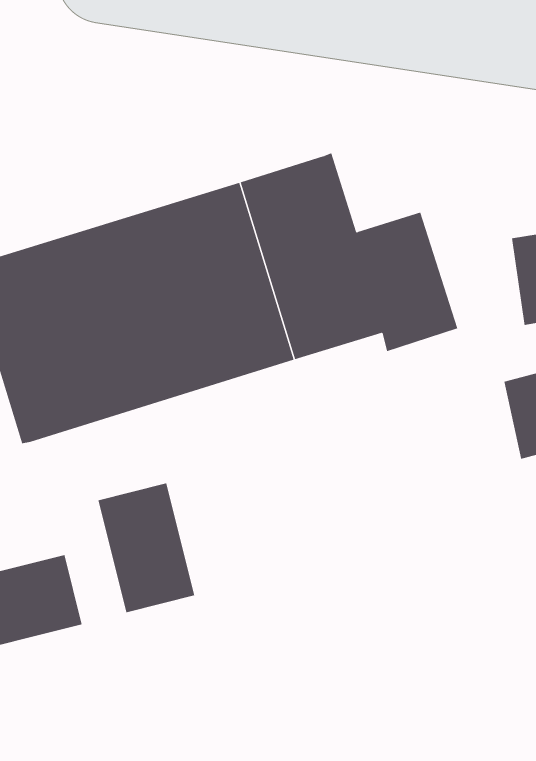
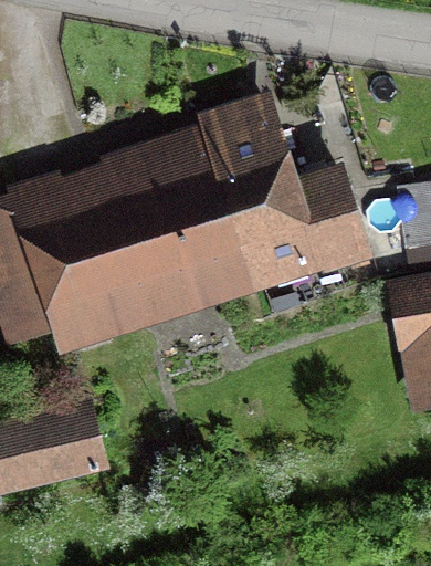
building: [98,483,195,613] -> none

